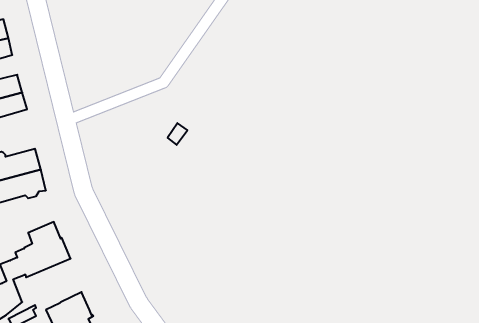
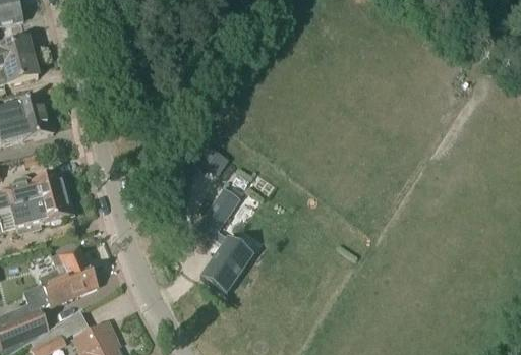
building: none -> [196,186,254,290]
building: none -> [32,305,88,345]

